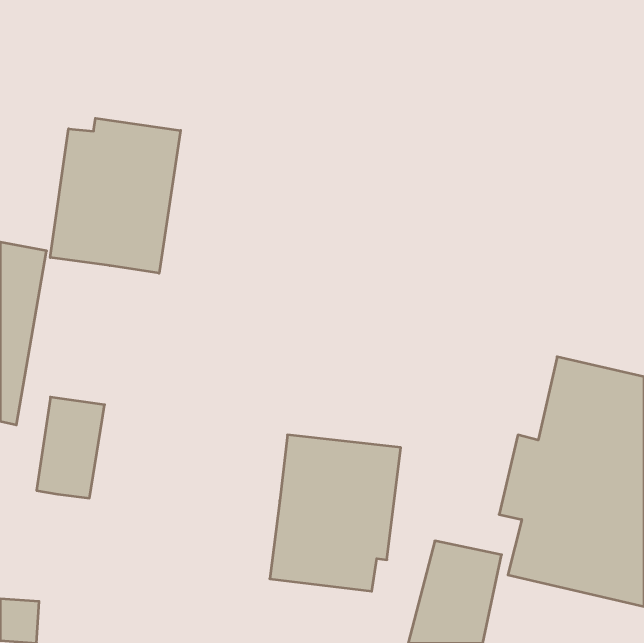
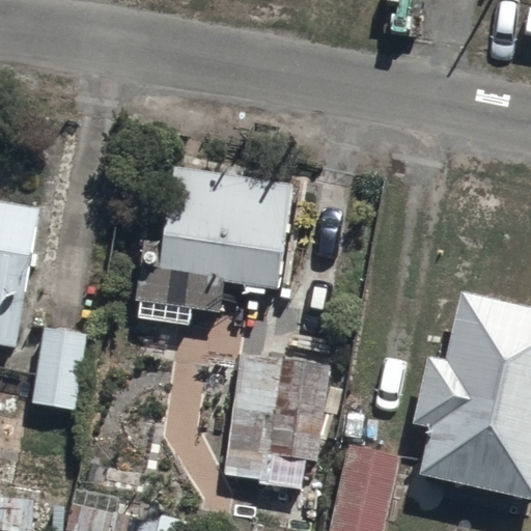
building: [50,118,181,273] -> none
building: none -> [134,166,294,328]

